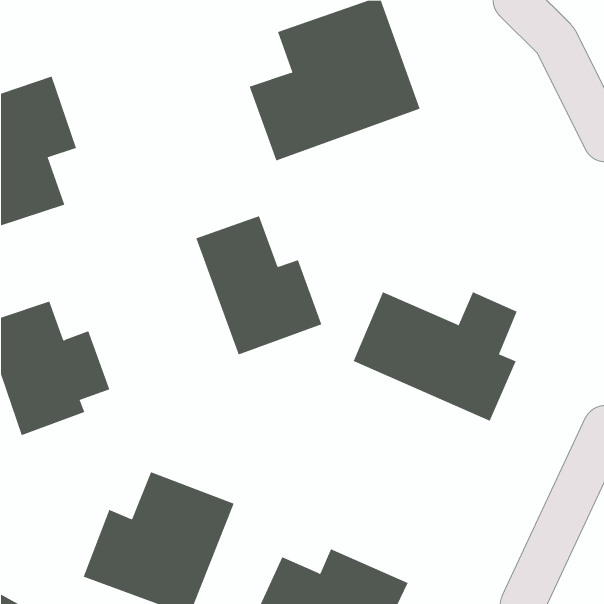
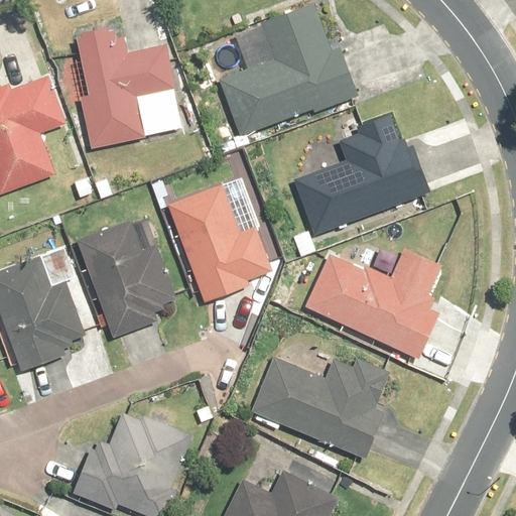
building: none -> [66,25,176,151]
building: none -> [290,109,430,237]
building: none -> [76,218,184,338]
building: none -> [248,356,394,459]

